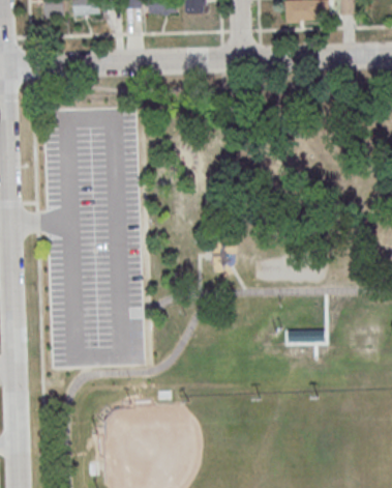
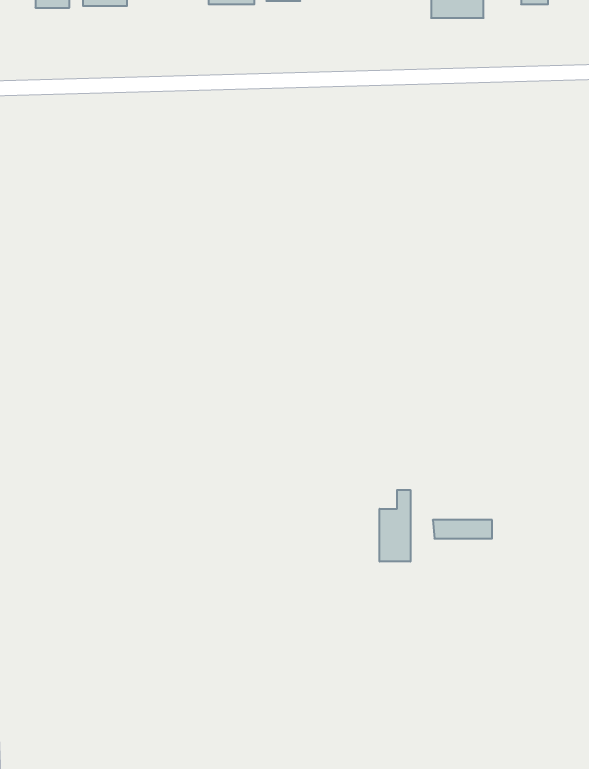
building: none -> [380,490,410,562]

